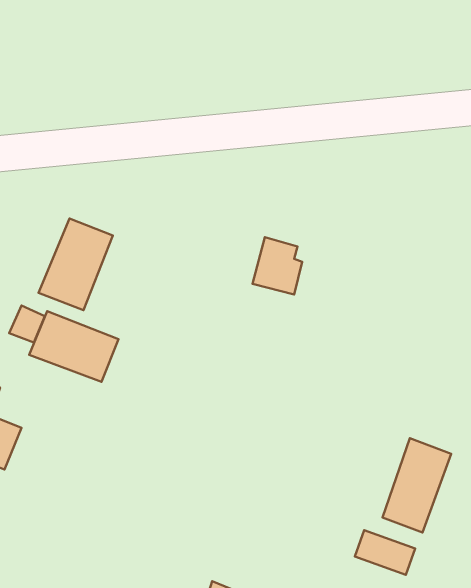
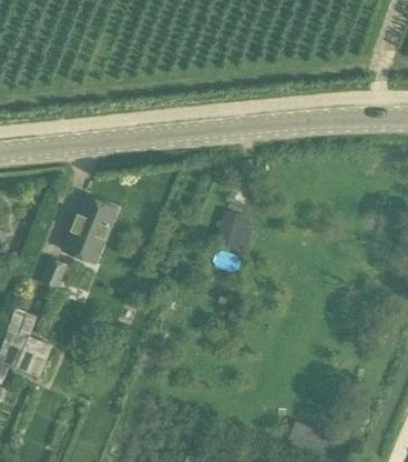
building: [29,311,119,382] -> none
building: [382,438,451,532] -> none

